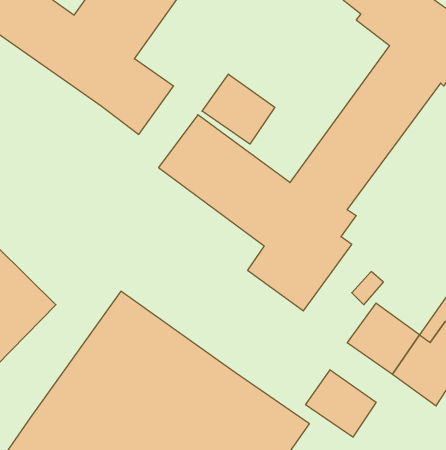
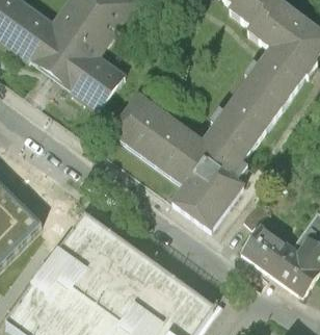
building: [202,74,275,144] -> none
building: [306,370,376,437] -> none

